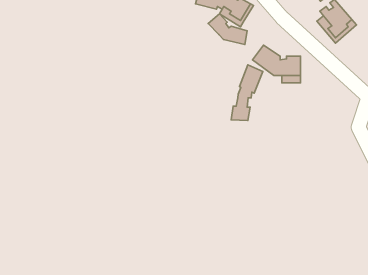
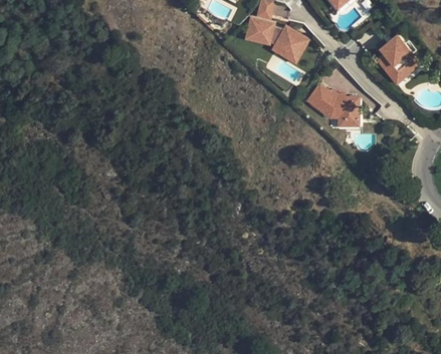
building: [208,14,247,45] -> none
building: [231,65,263,121] -> none

